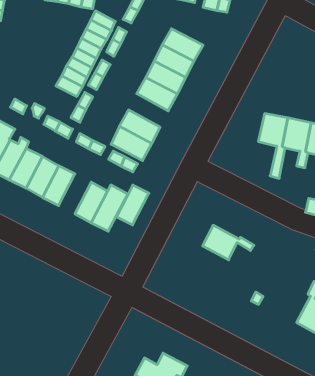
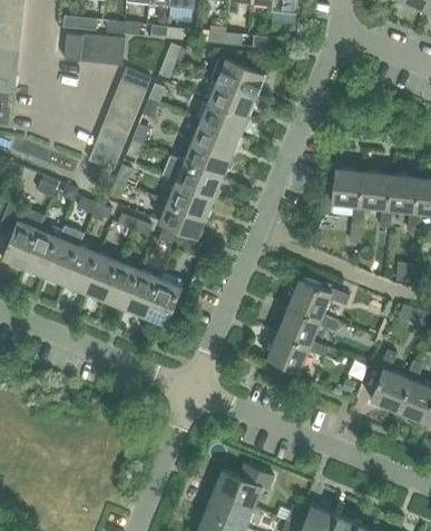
building: none -> [209,57,266,97]
building: none -> [161,156,222,197]
building: [116,185,149,225] -> [104,262,139,308]
building: none -> [287,279,370,330]
building: none -> [266,332,327,372]
building: none -> [370,351,410,411]

